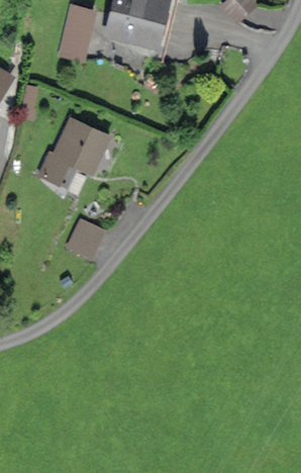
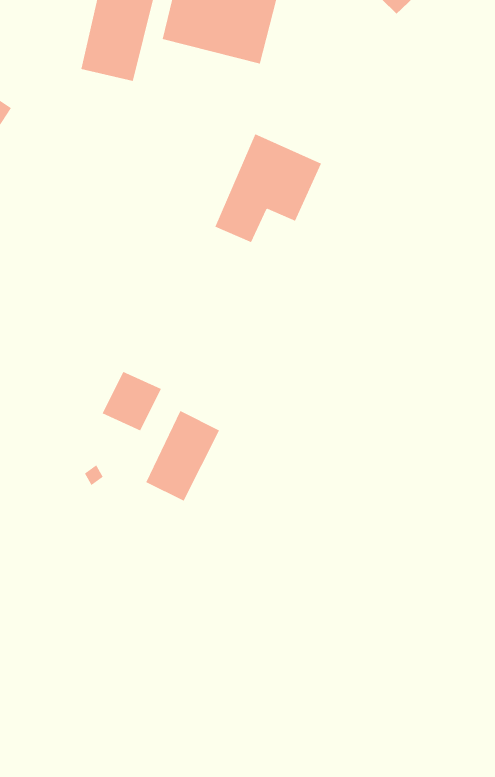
building: [44,124,106,187] -> [214,133,322,243]
building: none -> [146,410,220,501]

